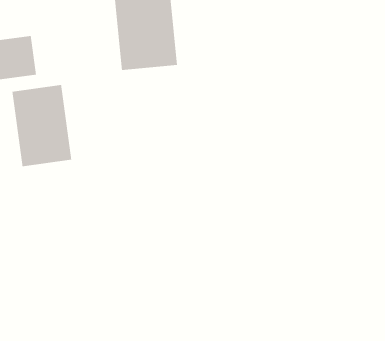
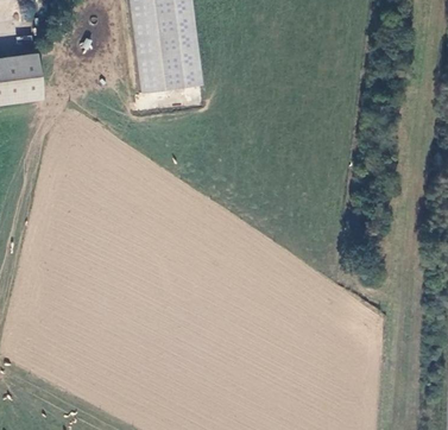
building: [12,84,72,167] -> none

